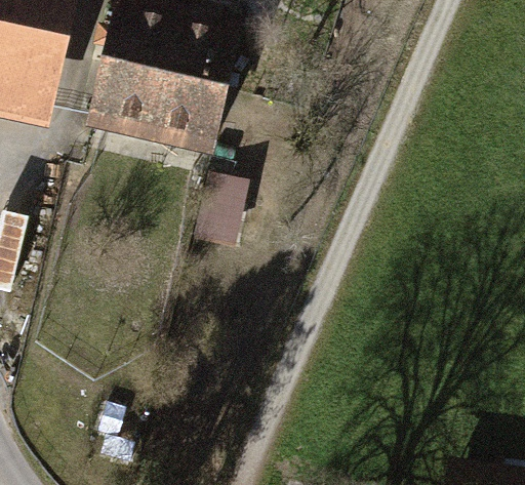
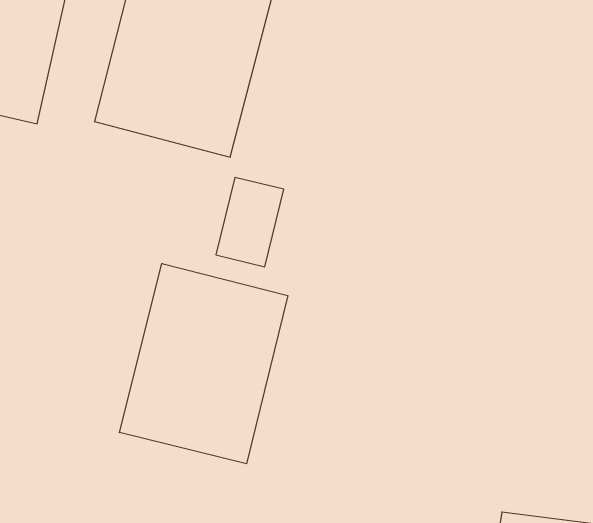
building: none -> [119,263,288,464]

